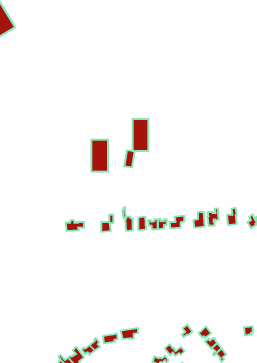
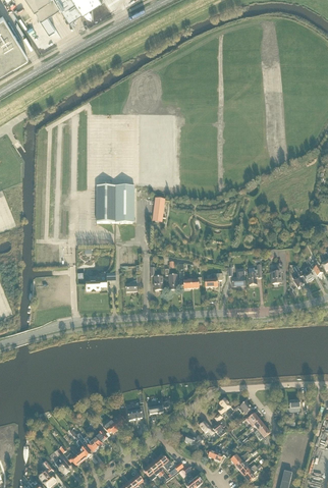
building: [132,119,148,151] -> [96,185,114,222]

